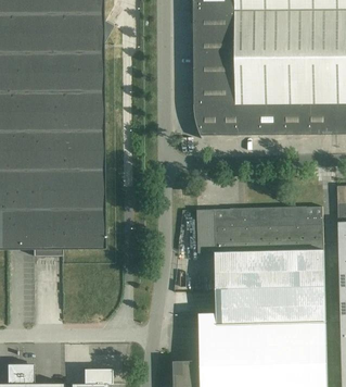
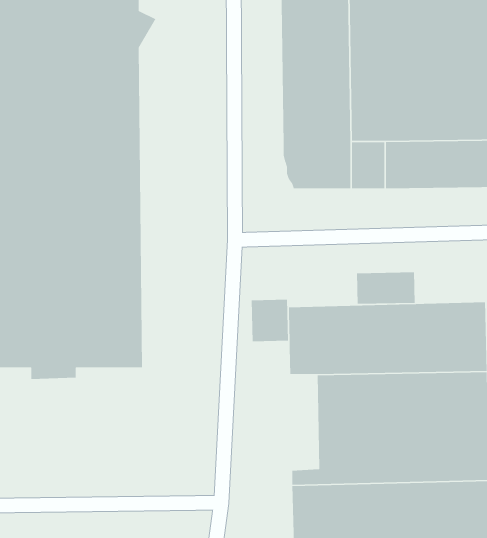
building: none -> [356,272,416,305]
building: none -> [251,299,289,342]

